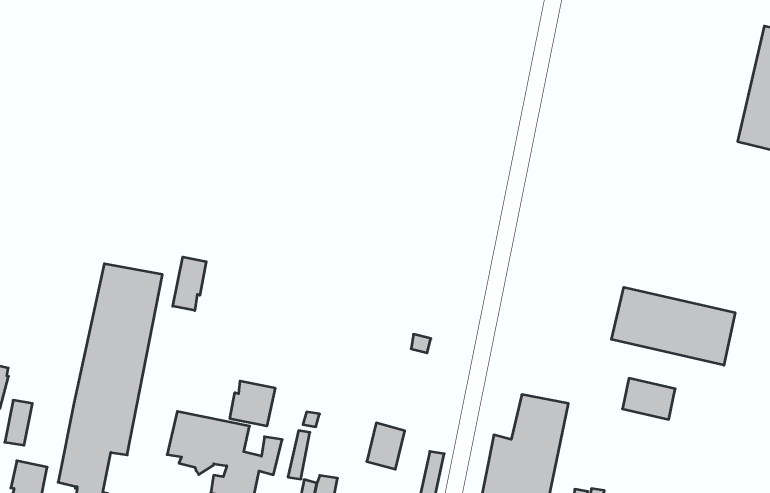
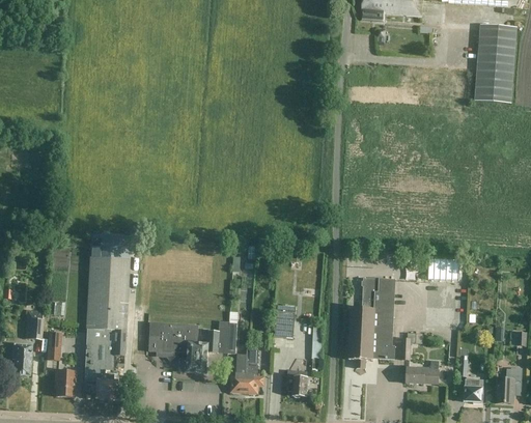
building: [173,257,206,311] -> none
building: [611,287,735,365] -> none
building: [230,381,275,426] -> none

